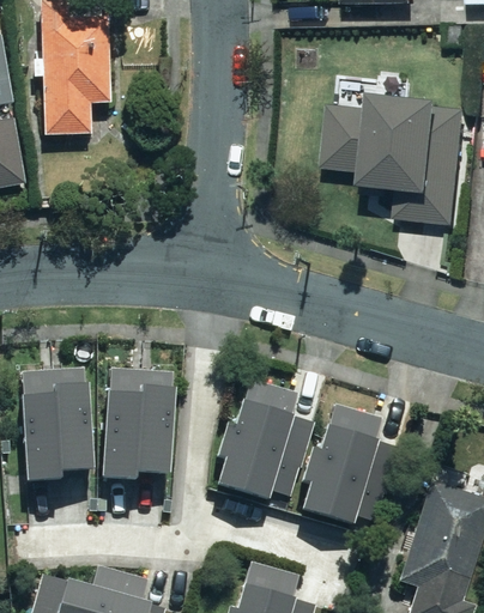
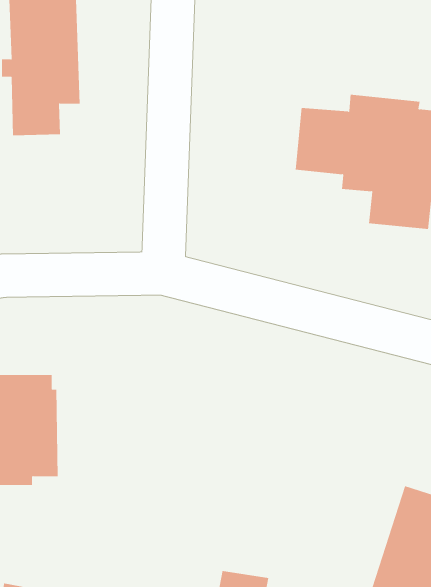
building: [105,370,176,478] -> none
building: [212,378,300,500] -> none
building: [303,406,381,520] -> none

